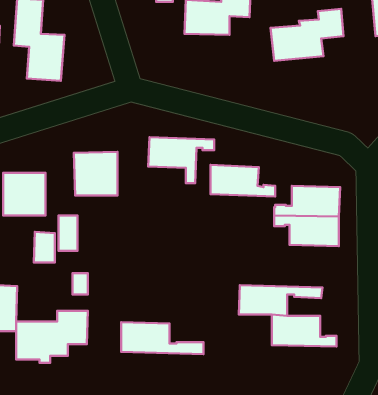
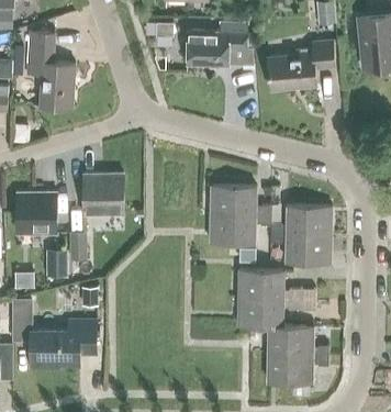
building: [148,137,214,183] -> [210,213,271,256]
building: [121,322,204,354] -> [238,270,315,300]
building: none -> [267,354,328,396]

